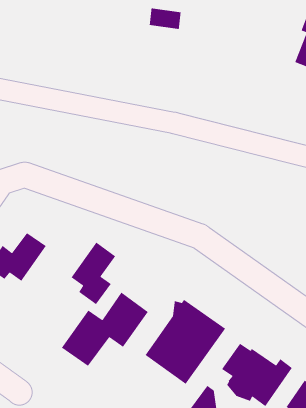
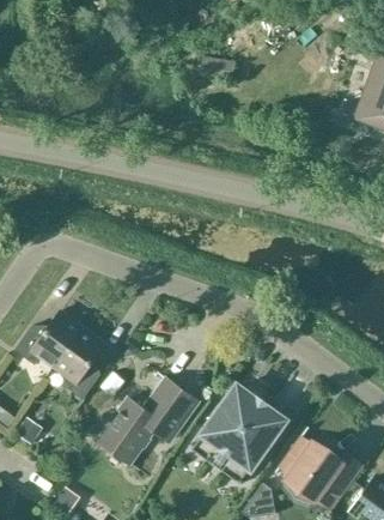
building: [71,241,116,305] -> [54,327,105,399]

